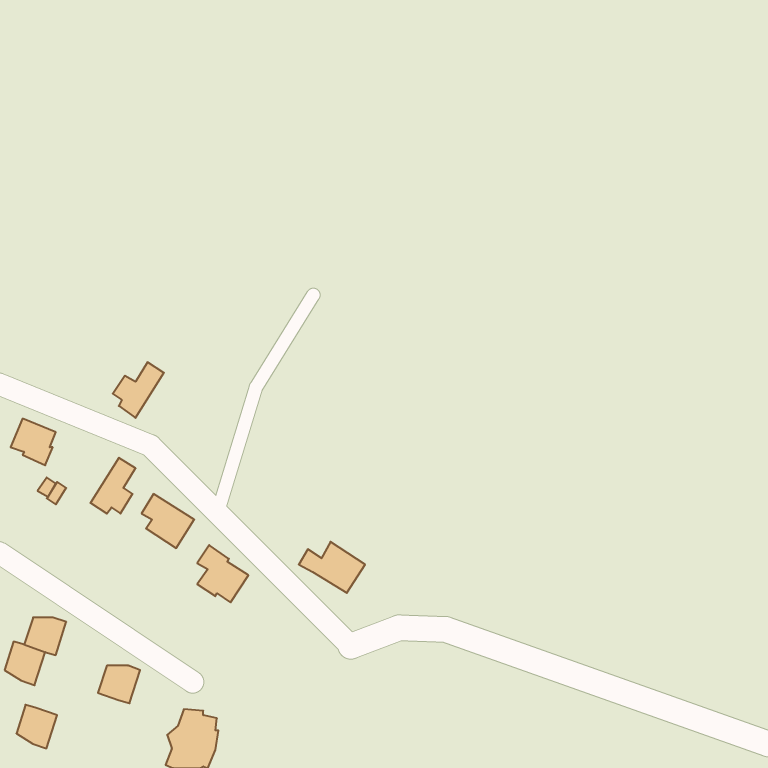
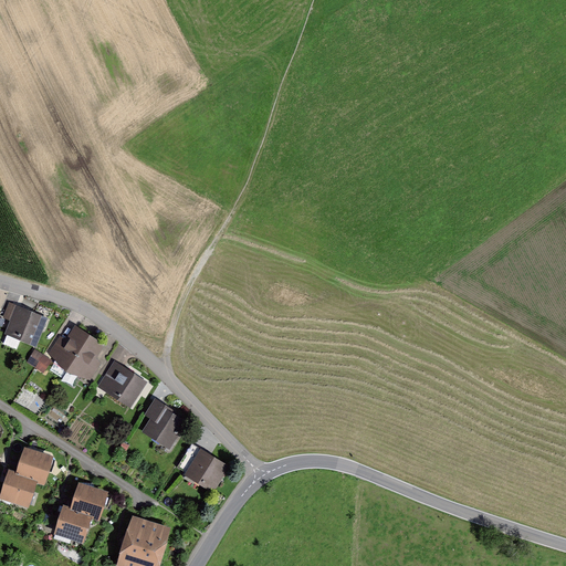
building: [113,362,164,418] -> [50,328,87,369]
building: [299,542,365,593] -> [176,450,224,488]
building: [16,705,57,748] -> [57,506,87,538]

